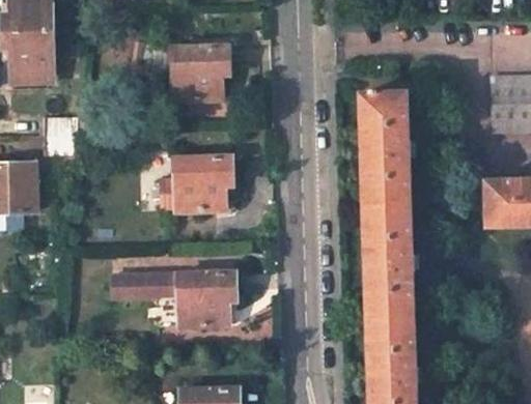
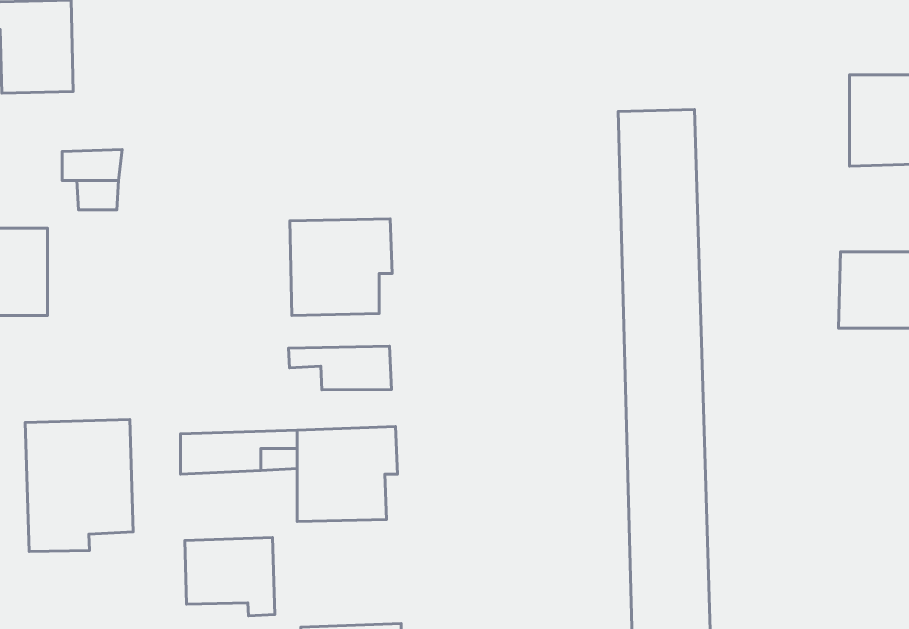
building: [171,46,229,102] -> none
building: none -> [288,346,391,390]
building: none -> [25,419,133,551]
building: none -> [185,537,275,616]

